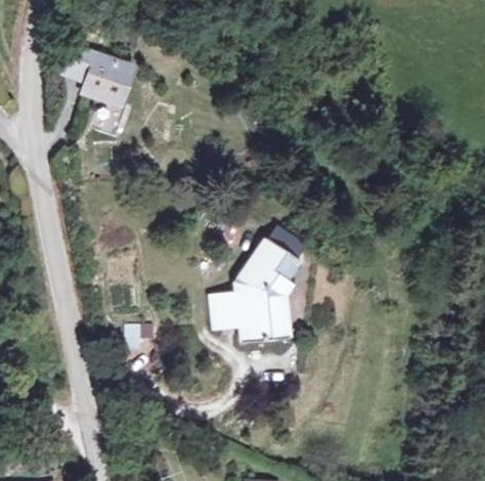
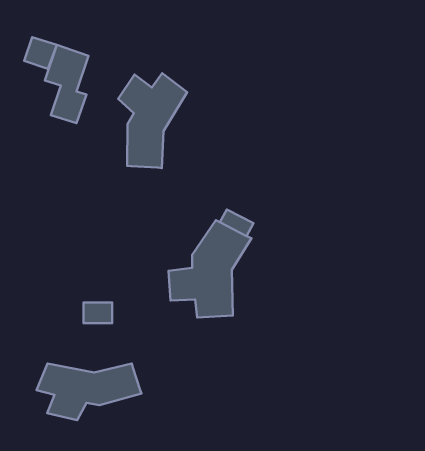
building: none -> [118,73,187,168]
building: none -> [37,363,141,420]

